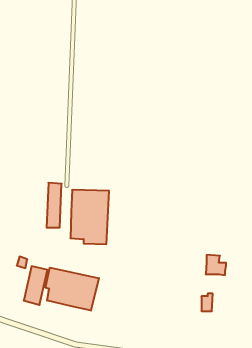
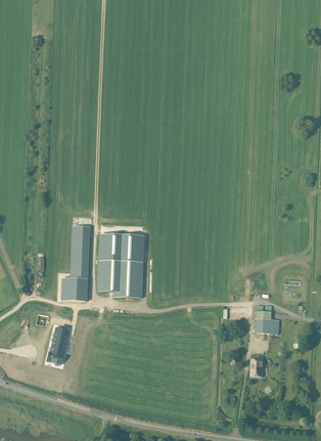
building: none -> [61,277,86,301]
building: [45,268,99,311] -> none

